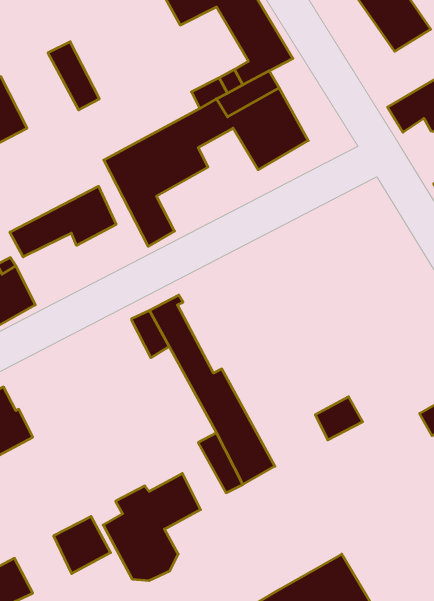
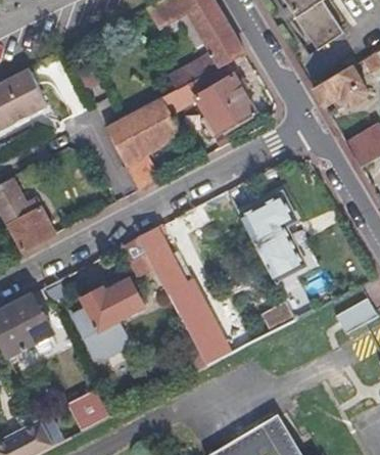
building: [10,186,116,257] -> none
building: none -> [239,194,302,281]
building: [103,473,201,581] -> [72,279,143,358]

